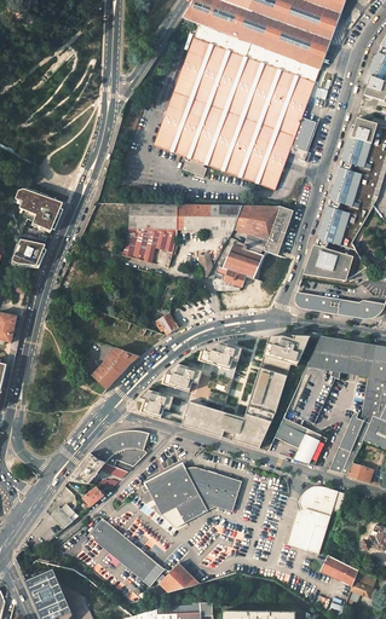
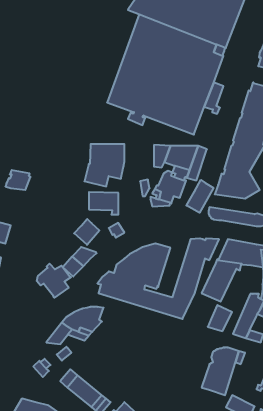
building: [15,189,62,231] -> none
building: [177,203,218,235] -> [89,192,118,215]
building: none -> [186,180,213,213]
building: none -> [74,219,99,245]
building: none -> [37,264,71,298]
building: [273,417,306,447] -> none
building: [140,464,241,526] -> none

